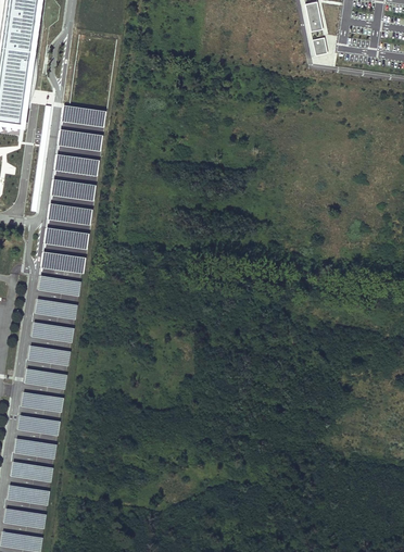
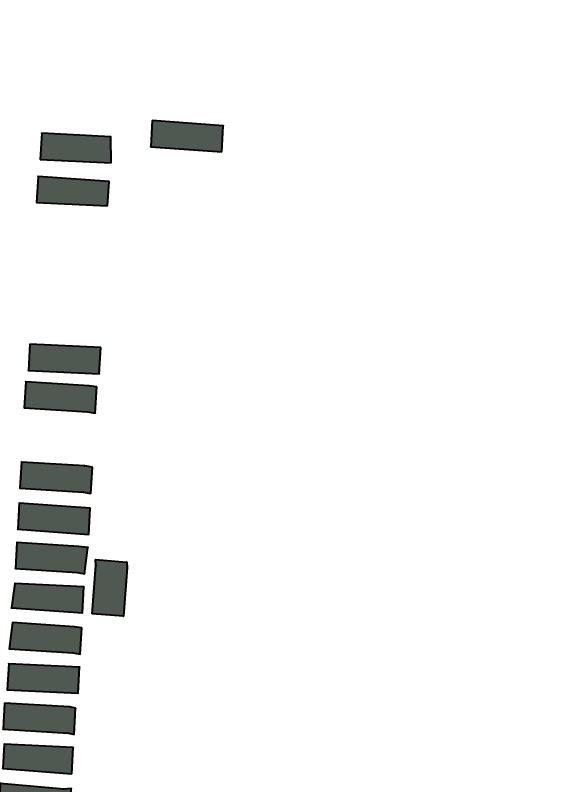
building: [62,106,105,128] -> [151,121,223,152]
building: [51,180,94,202] -> none
building: [49,205,92,226] -> none
building: [45,229,88,250] -> none
building: [34,299,77,321] -> none
building: none -> [92,560,127,616]

